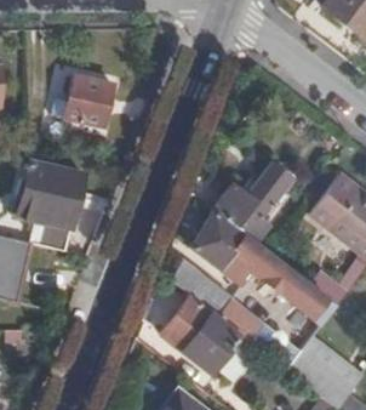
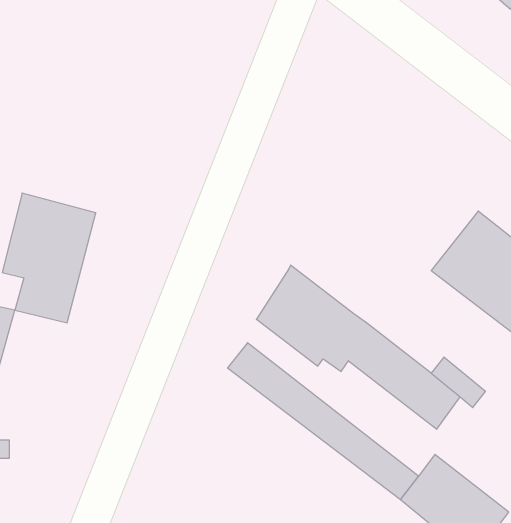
building: [61,79,111,124] -> none
building: [215,163,291,243] -> none
building: [161,297,240,372] -> none

